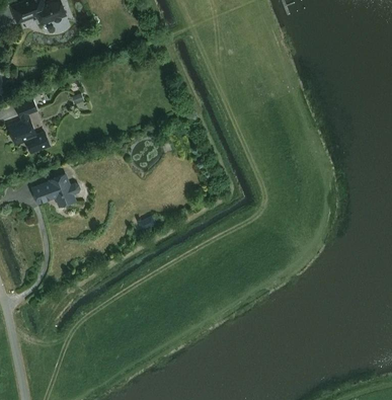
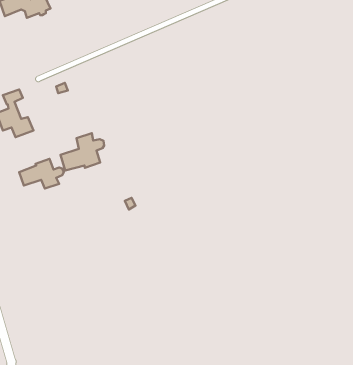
building: none -> [60,133,104,171]

